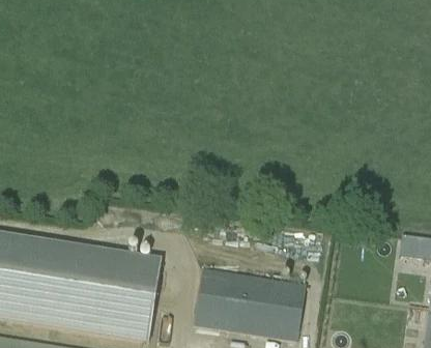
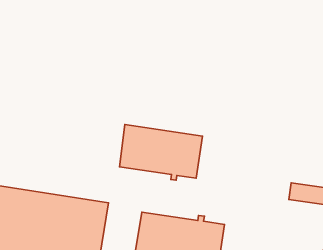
building: none -> [119,125,202,180]

